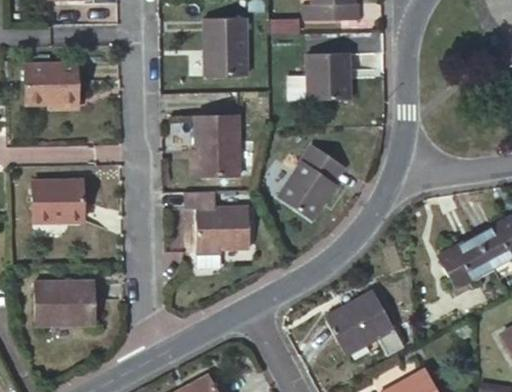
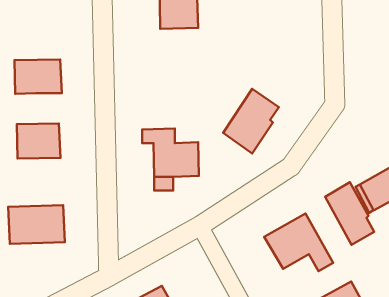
building: [311,52,354,99] -> none
building: [23,63,78,103] -> [14,59,62,94]
building: [195,116,240,176] -> none
building: none -> [325,182,374,245]

